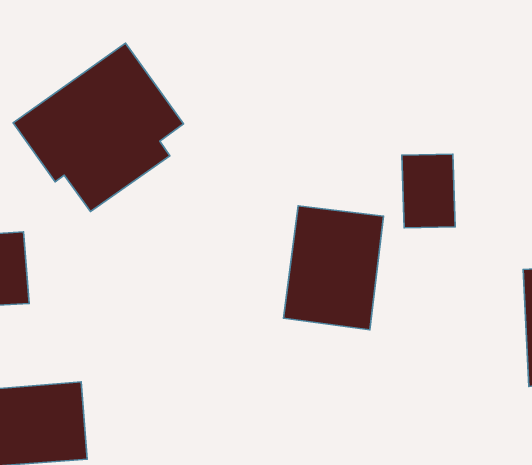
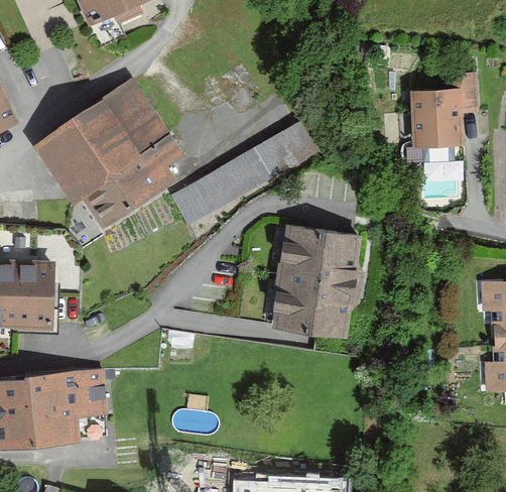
building: none -> [173,112,325,223]
building: [402,154,455,228] -> [414,86,462,151]

